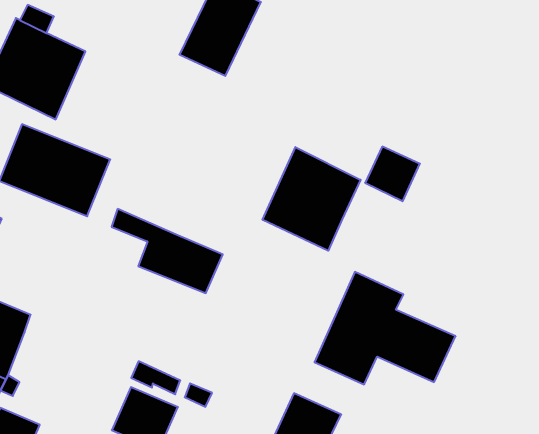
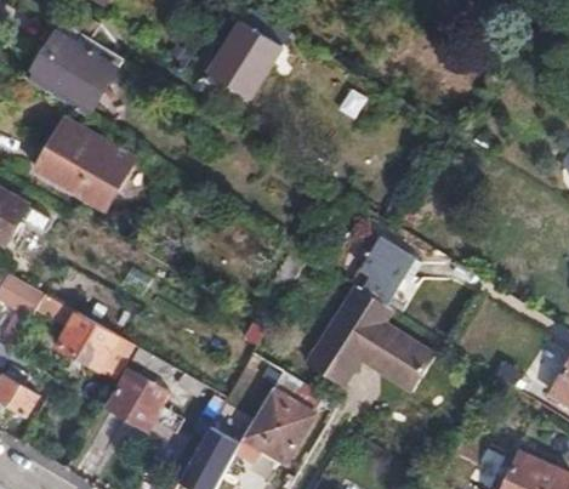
building: [365,147,420,201] -> [359,237,411,289]
building: [263,147,361,251] -> none
building: [112,209,223,293] -> [36,295,136,381]

